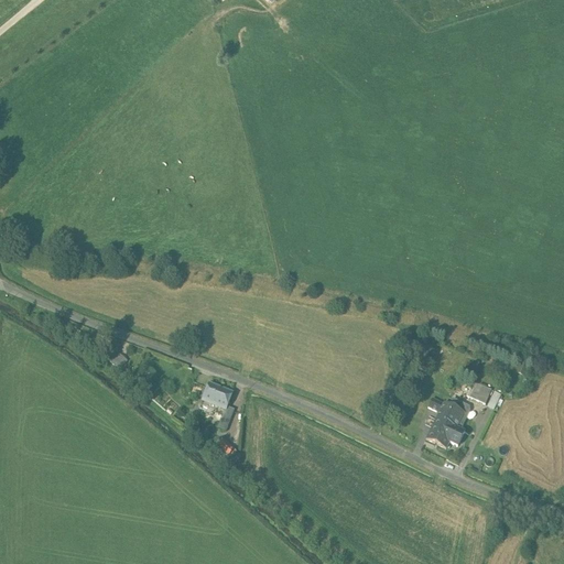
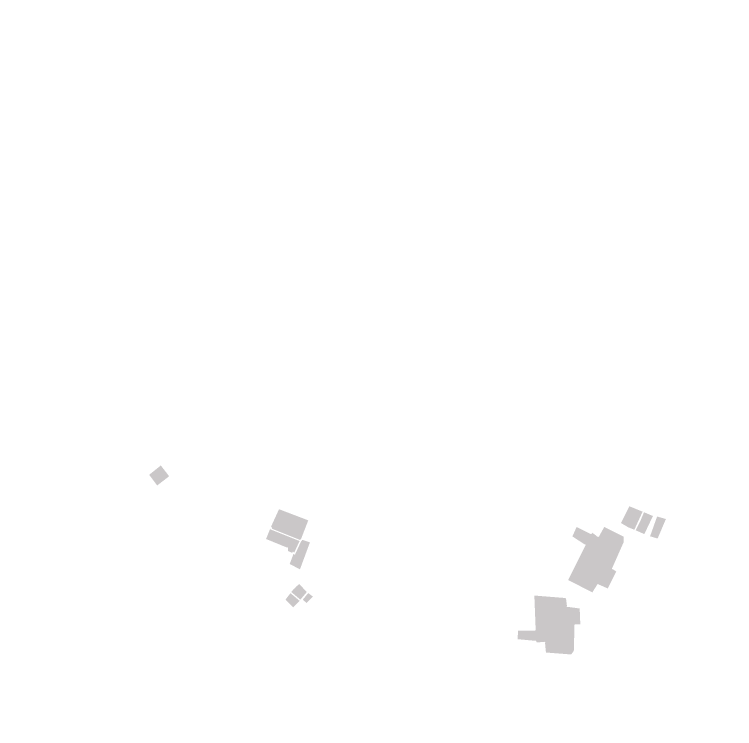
building: none -> [517,595,581,655]

